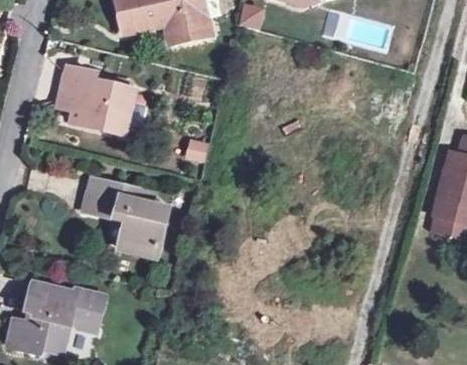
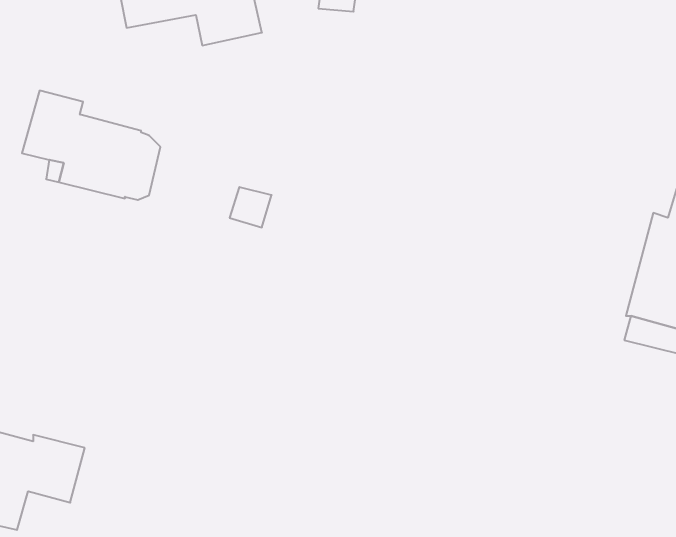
building: [81,182,165,257] -> none

